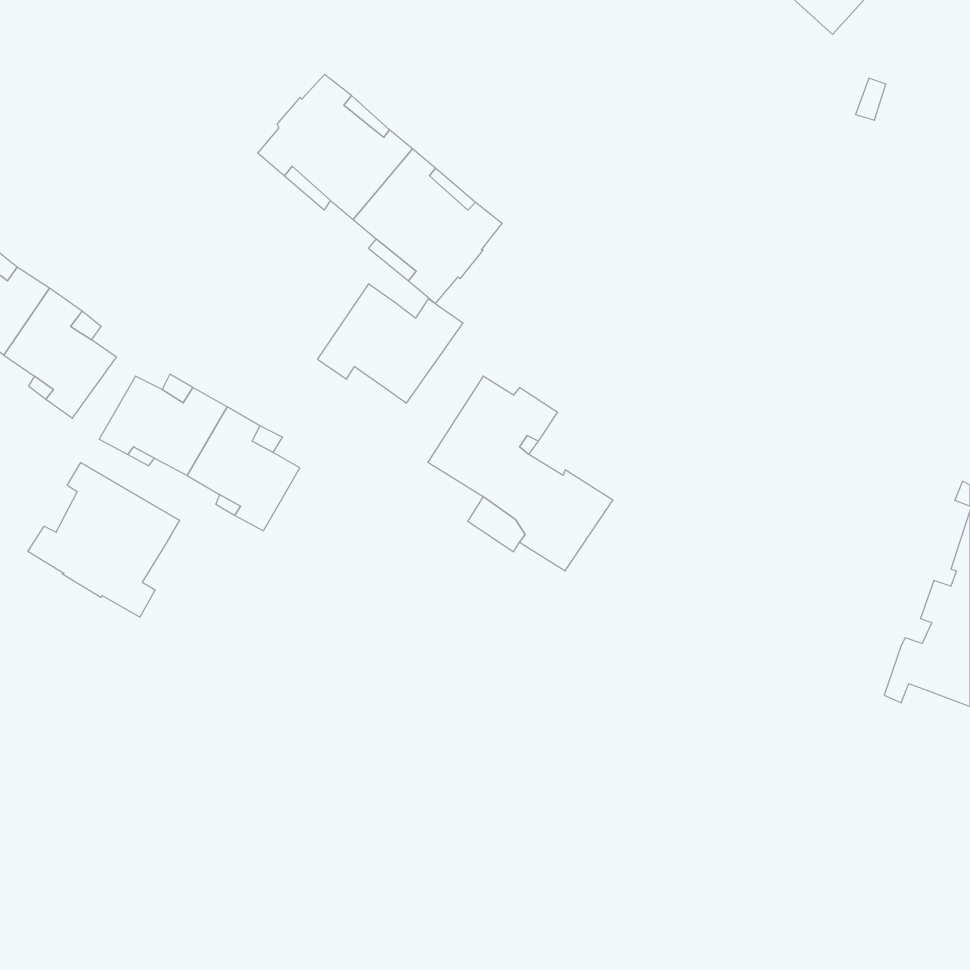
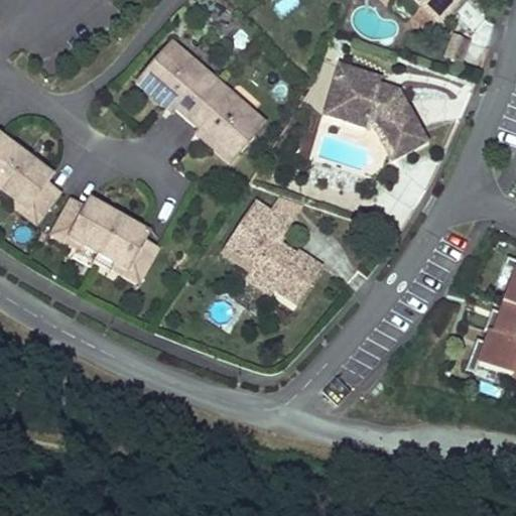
building: none -> [322,60,428,158]
building: [318,284,463,403] -> none
building: [28,463,180,617] -> none

